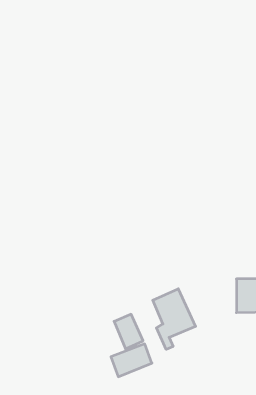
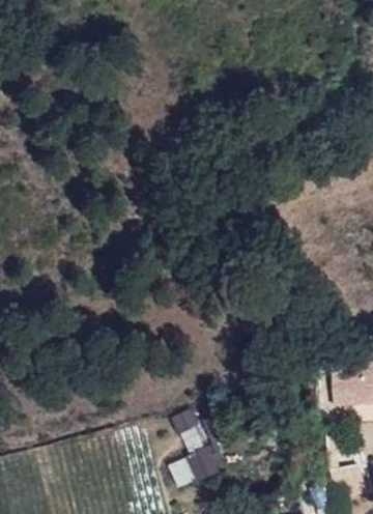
building: [153,289,196,349] -> none

